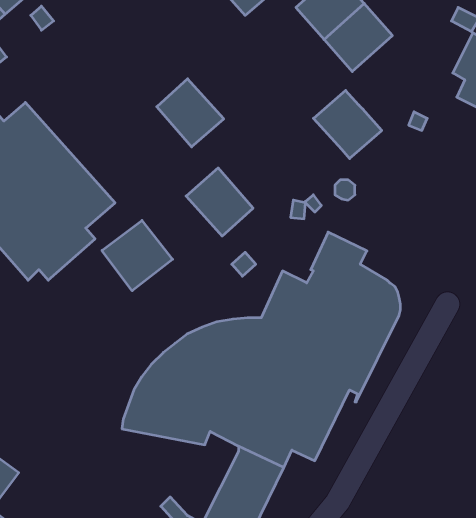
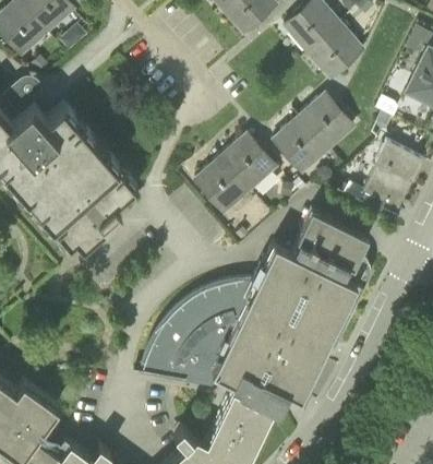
building: [157,79,224,147] -> [220,134,275,190]
building: none -> [272,117,327,172]
building: none -> [358,140,423,213]
building: [102,220,173,291] -> none

